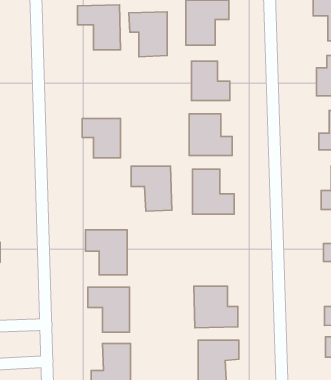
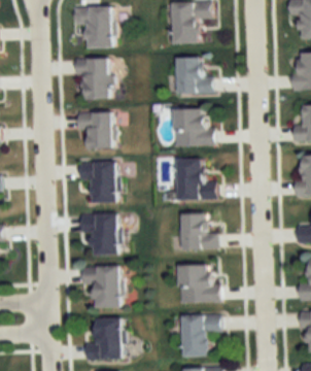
building: [129,12,167,57] -> [74,59,109,100]
building: [131,166,172,211] -> [78,161,115,202]
building: none -> [181,213,216,249]

